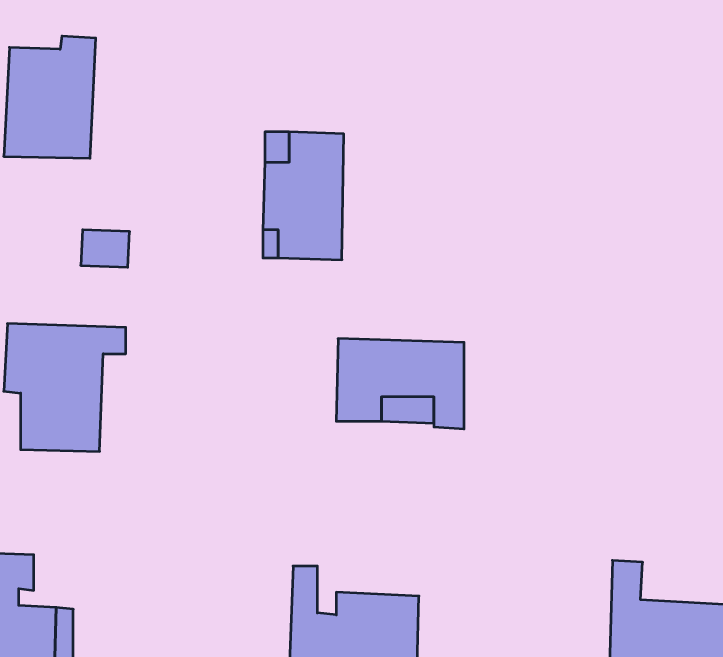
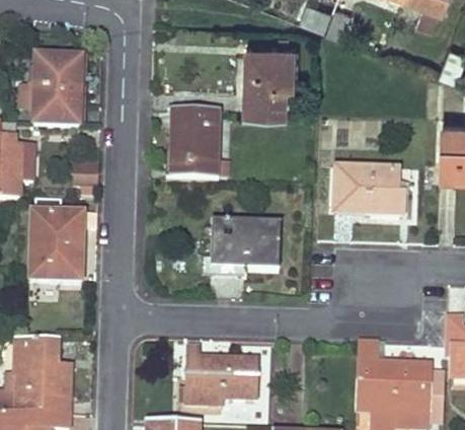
building: none -> [245,44,292,109]
building: none -> [336,168,408,213]

